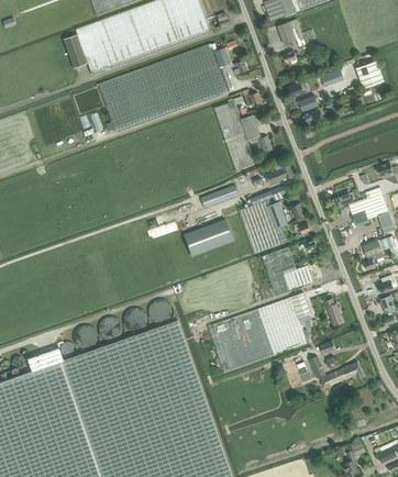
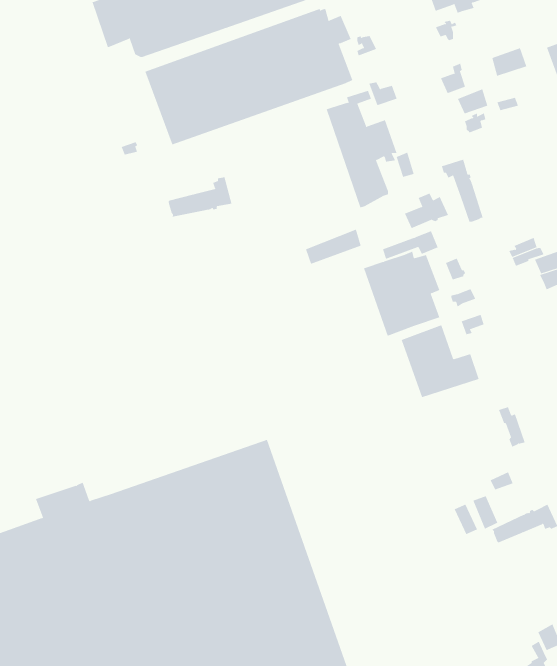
building: none -> [441,159,483,223]
building: none -> [168,177,232,218]
building: [183,219,232,255] -> none
building: [207,292,310,373] -> none

